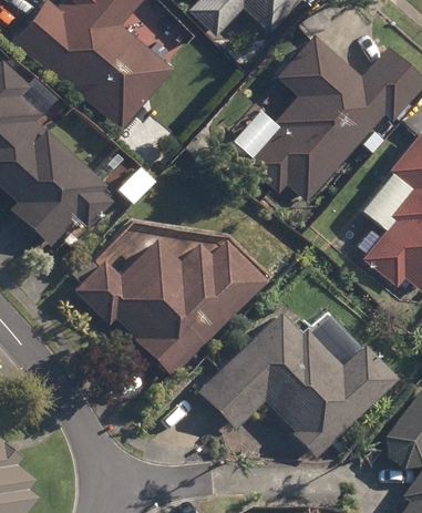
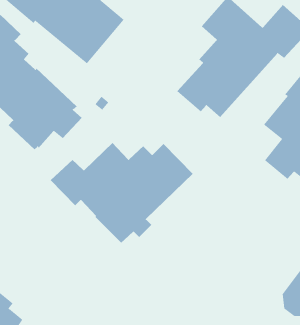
building: [199,310,399,454] -> none

